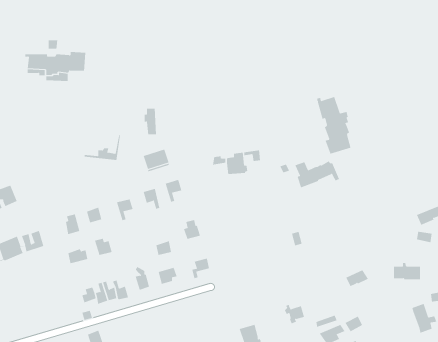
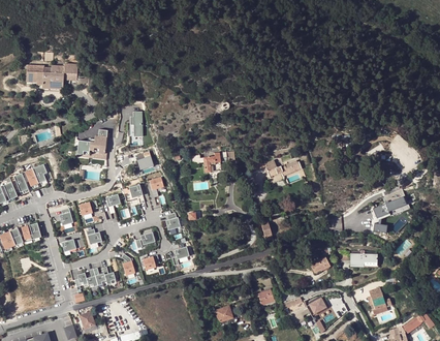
building: [316,96,351,154] -> none
building: none -> [76,129,111,156]
building: none -> [13,163,53,192]

